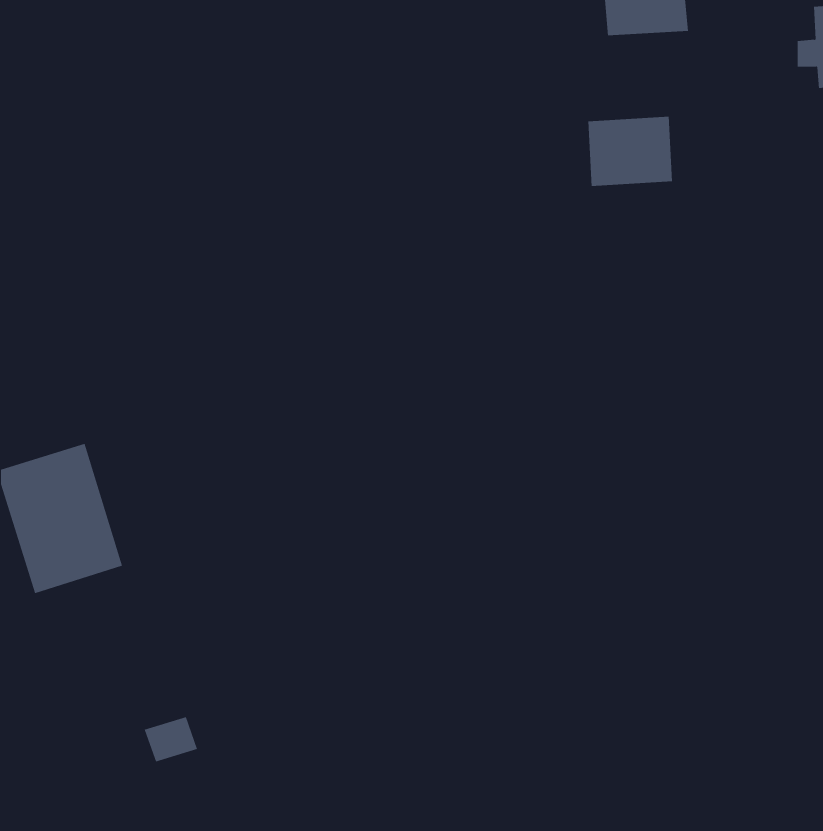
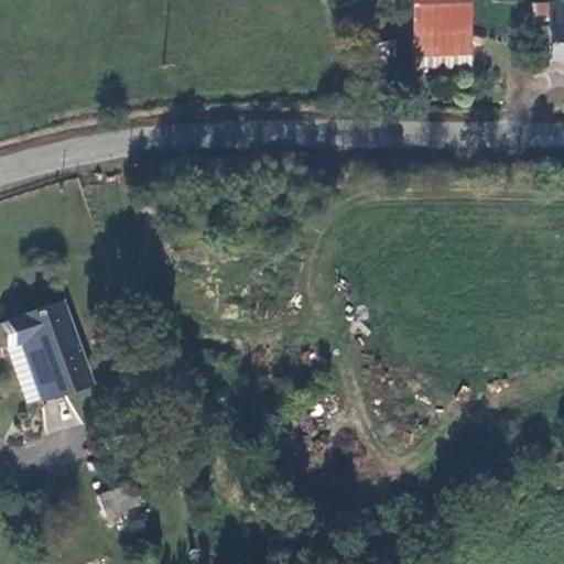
building: [588,116,673,187] -> [417,21,475,68]

